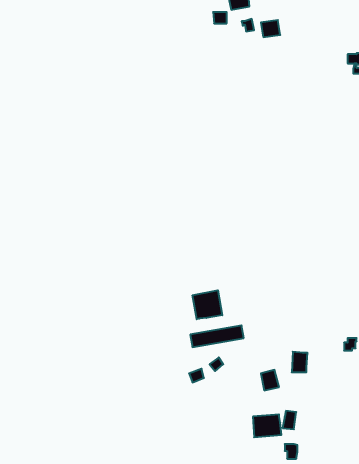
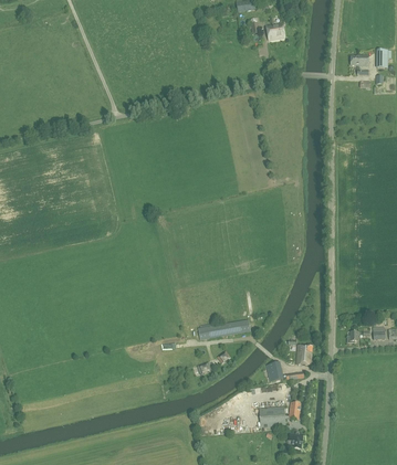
building: [193,290,222,319] -> none

